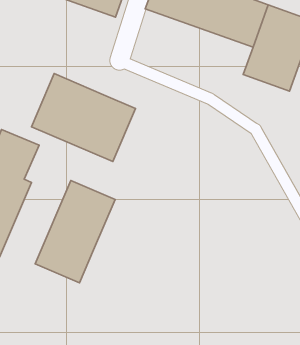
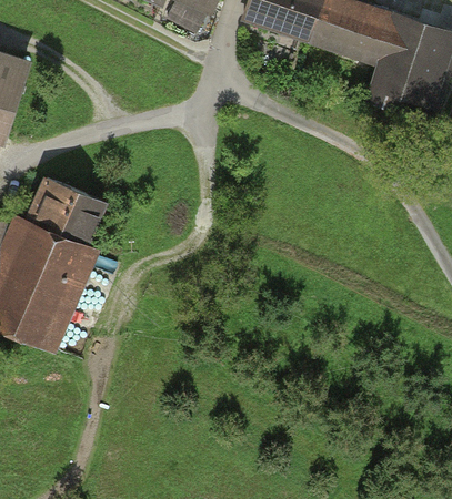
building: [32,74,136,162] -> none
building: [35,180,115,283] -> none

